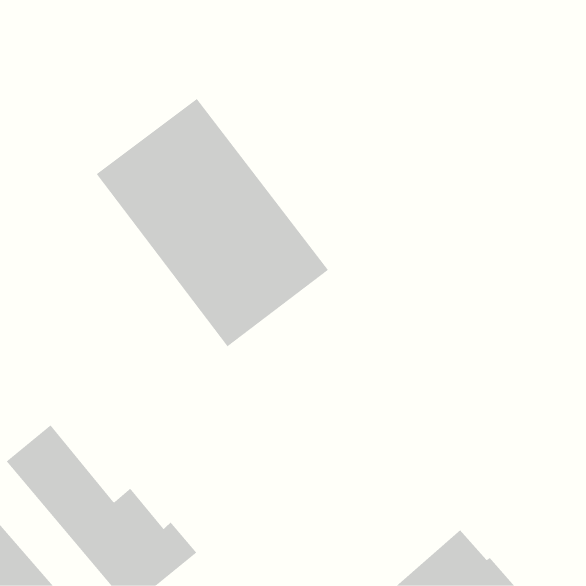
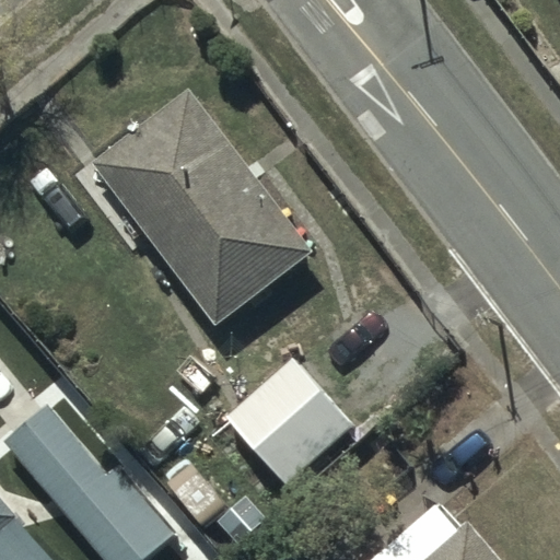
building: none -> [223,359,351,487]

